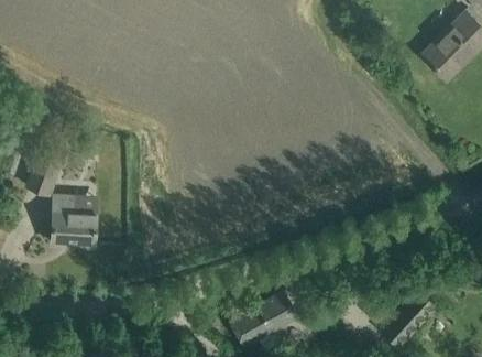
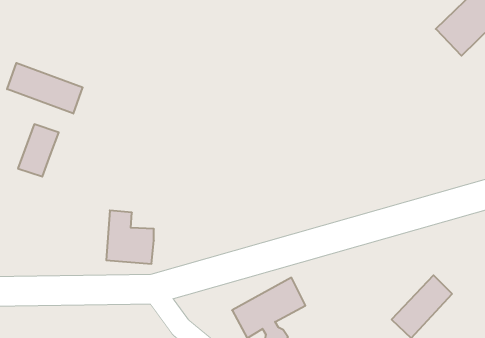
building: none -> [7,63,83,114]
building: [51,195,96,246] -> [106,210,154,264]

